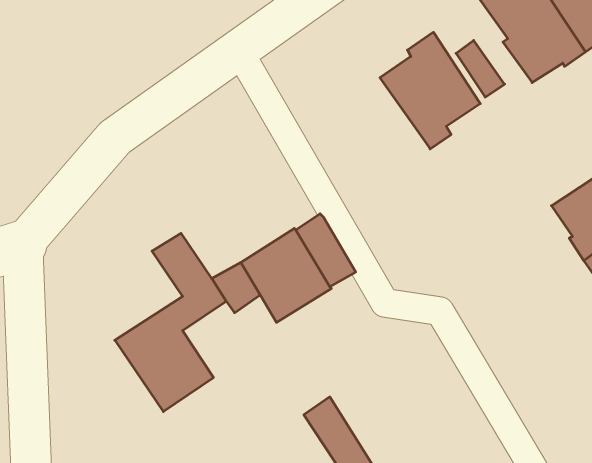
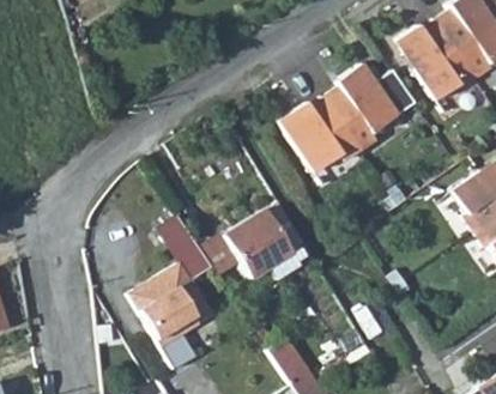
building: none -> [279,96,361,171]

